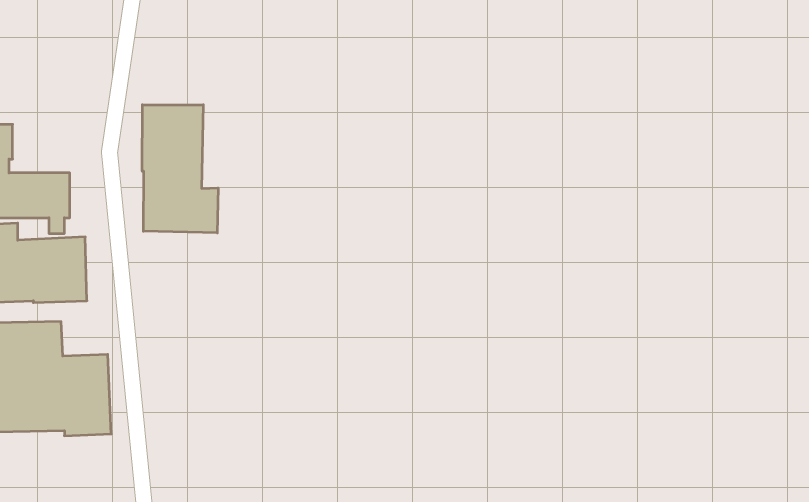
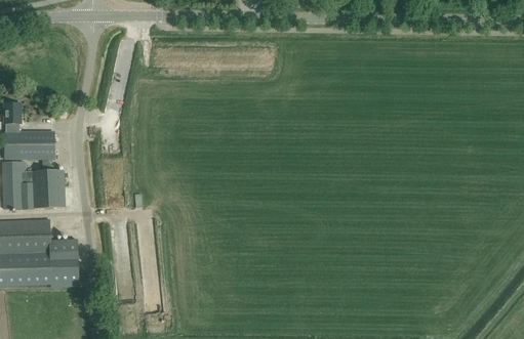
building: [142,105,218,233] -> none

